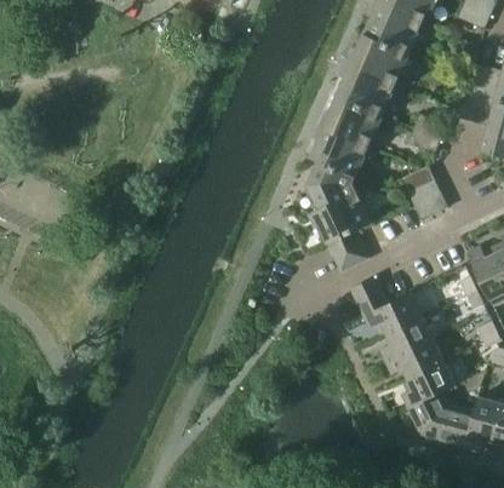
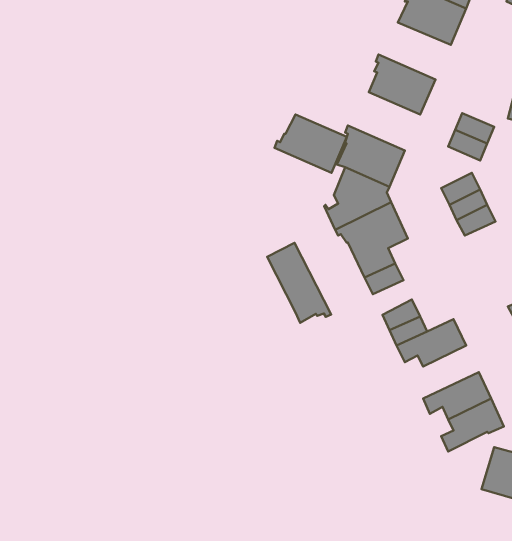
building: [346,34,410,84] -> none
building: [320,94,383,145] -> [274,114,347,173]
building: none -> [267,243,331,323]
building: [379,315,434,361] -> none
building: [407,390,447,440] -> none

